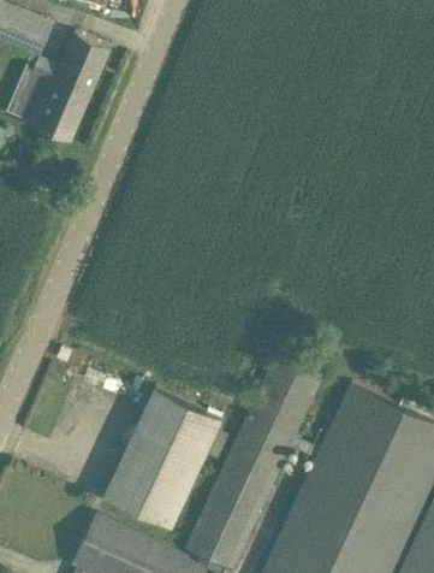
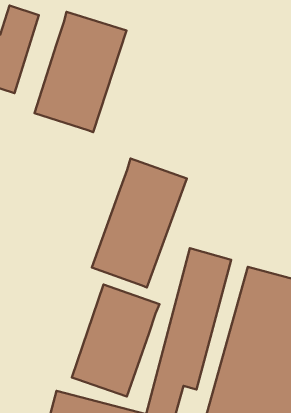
building: none -> [35,12,126,132]
building: none -> [92,159,187,288]

